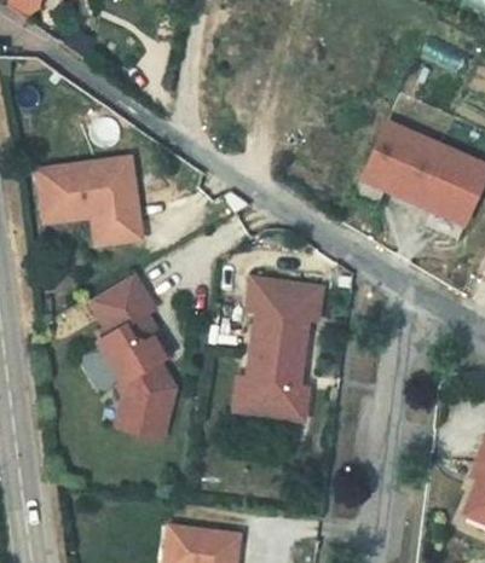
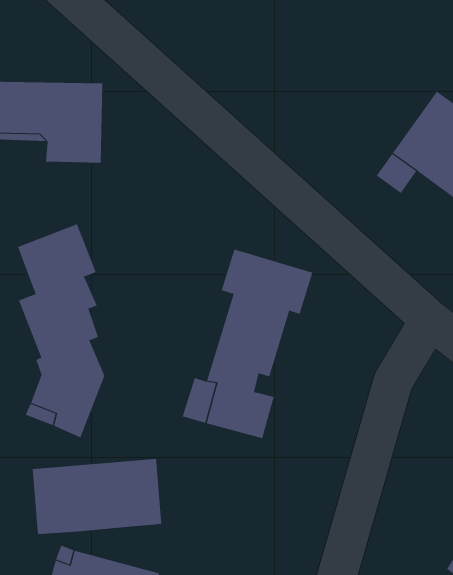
building: none -> [32,458,162,535]

